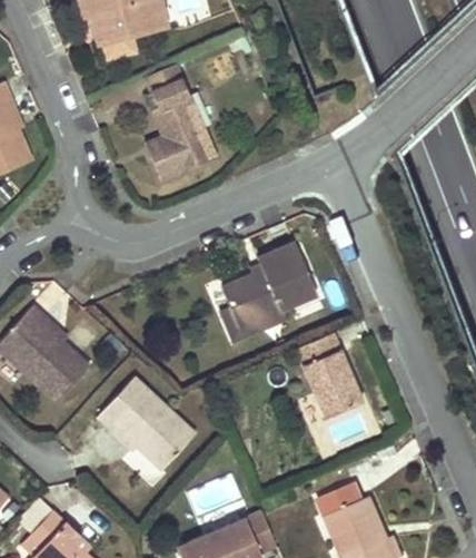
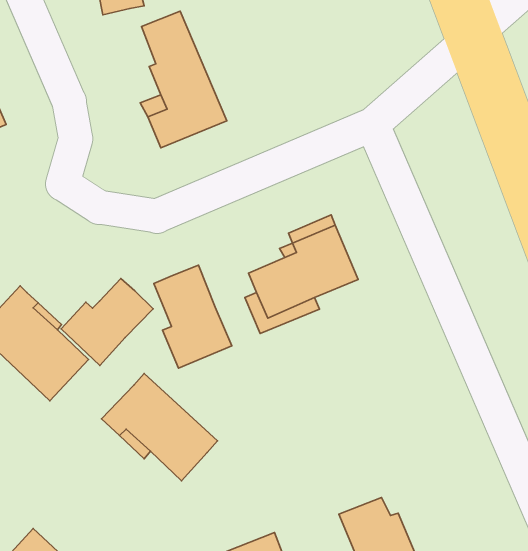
building: none -> [154,265,232,368]
building: none -> [61,278,153,365]
building: [299,334,367,420] -> none

